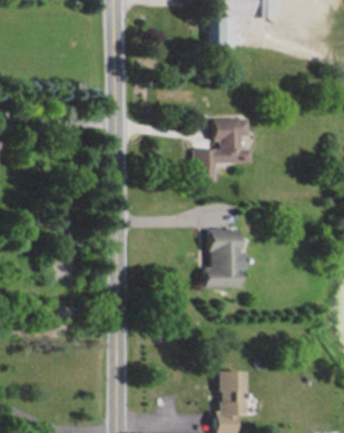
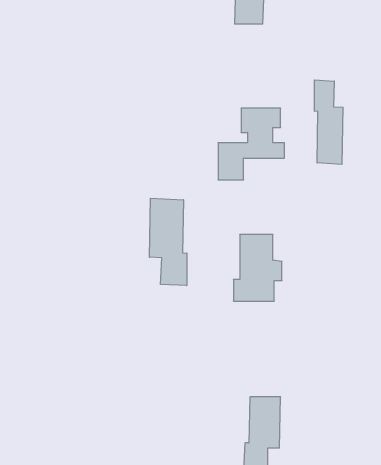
building: none -> [315,80,343,164]
building: none -> [149,198,187,286]

